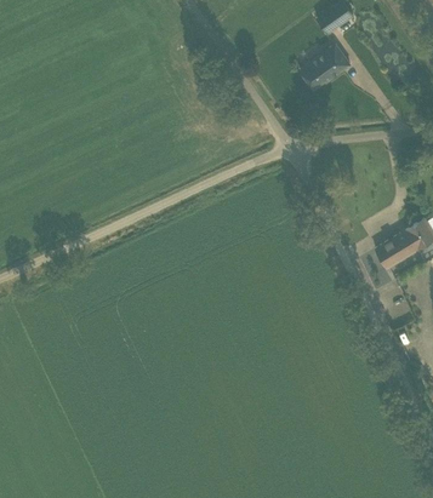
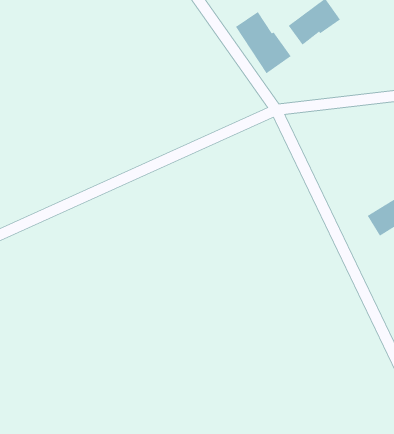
building: none -> [235,11,292,74]

